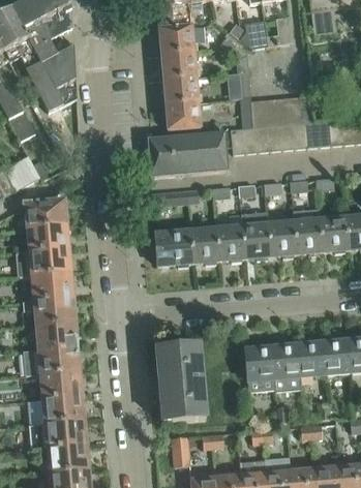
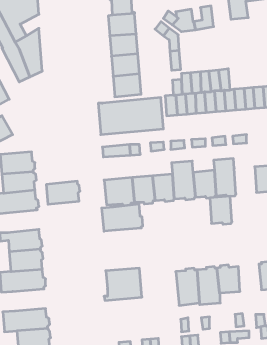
building: [318,218,345,253] -> [210,196,232,224]
building: none -> [102,204,143,231]
building: [31,272,73,301] -> [46,181,80,204]
building: [323,339,352,374] -> none
building: [39,371,83,399] -> none
building: [155,382,205,422] -> none

